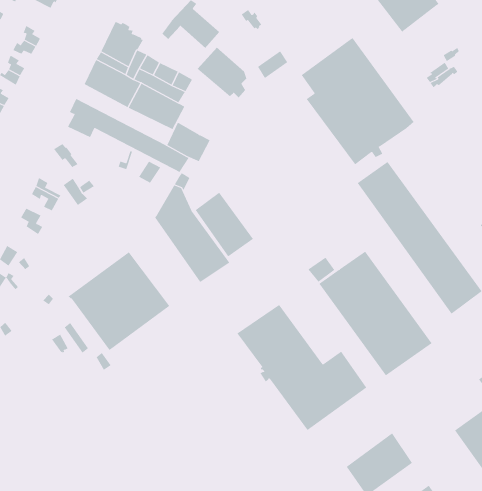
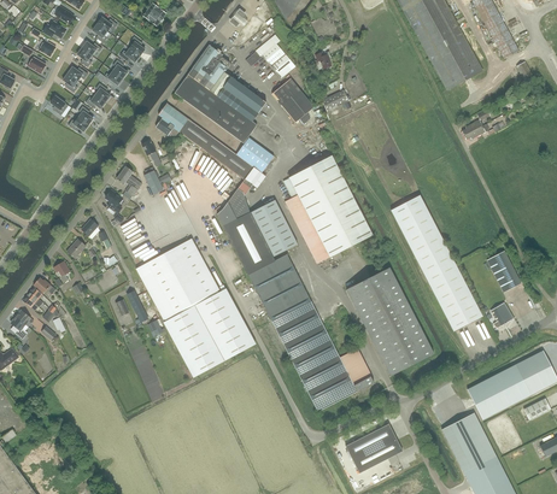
building: [301,37,415,165] -> [282,154,371,261]
building: none -> [246,252,310,319]
building: none -> [163,287,254,376]

